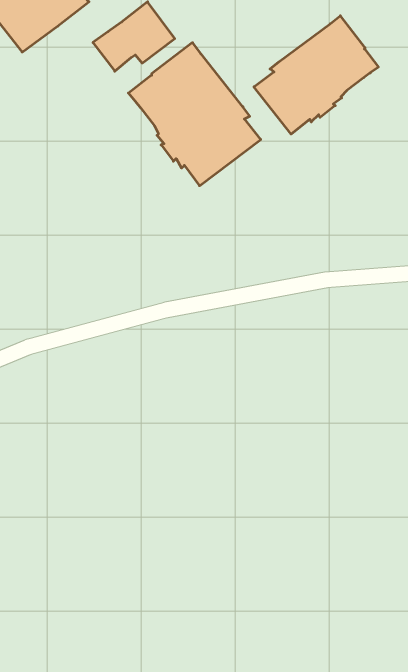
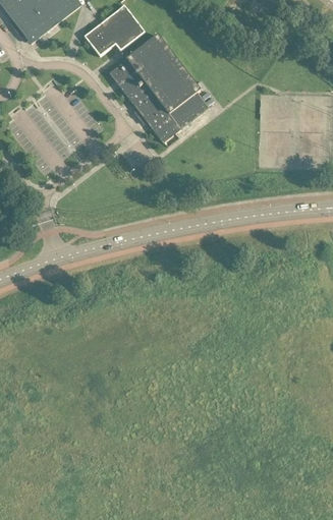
building: [254,16,378,134] -> none

